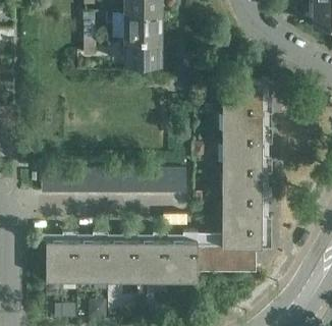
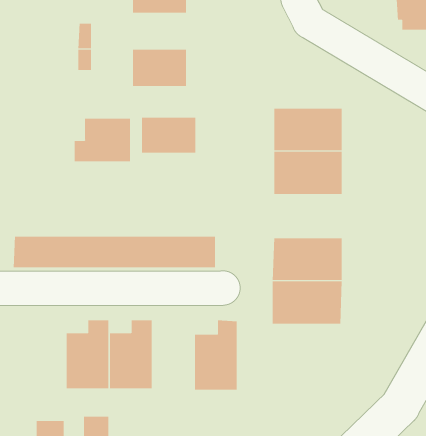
building: [122,15,161,41] -> [141,117,196,153]
building: none -> [74,118,131,162]
building: [222,144,271,174] -> none
building: [45,232,75,281] -> none
building: [136,232,167,282] -> none
building: [197,235,270,272] -> none

